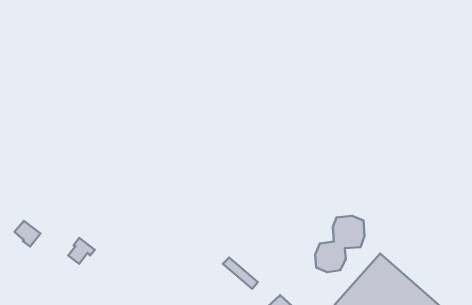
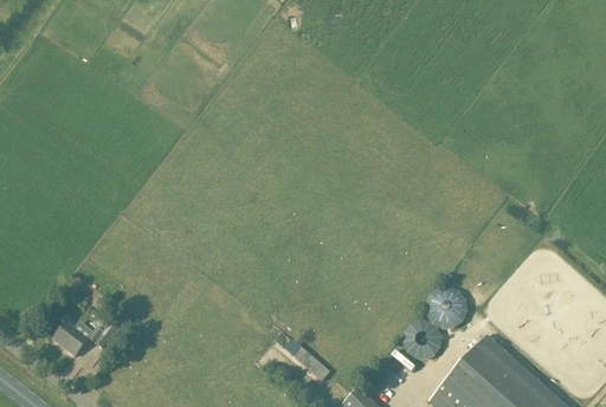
building: [15,221,41,247] -> [53,327,86,360]

